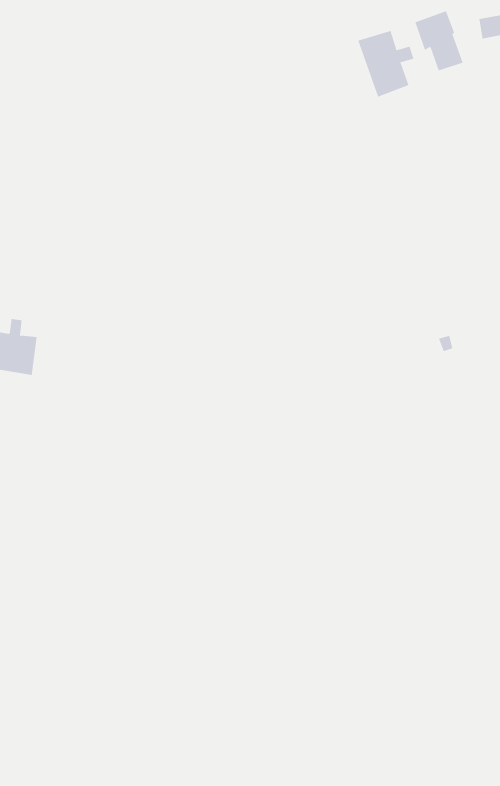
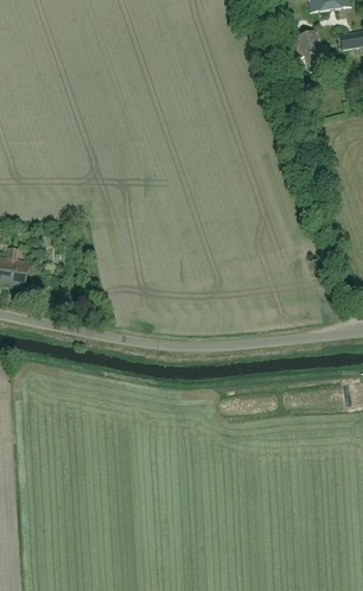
building: [358,30,414,97] -> none

